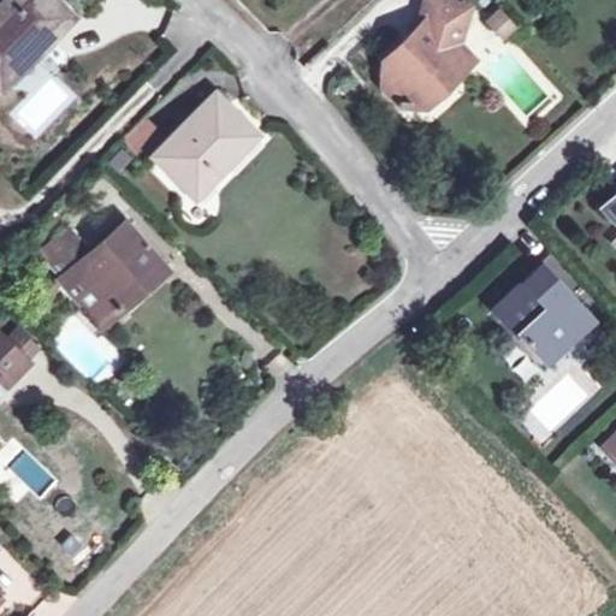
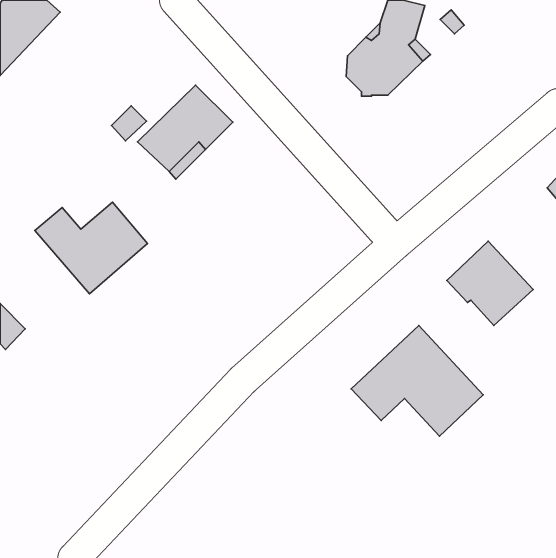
building: none -> [351,325,483,436]

